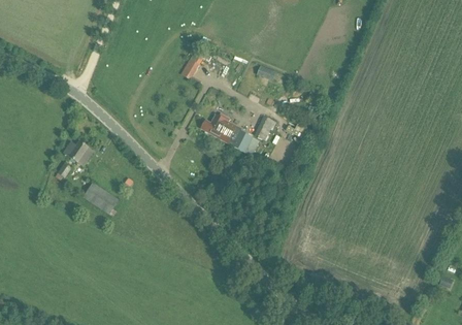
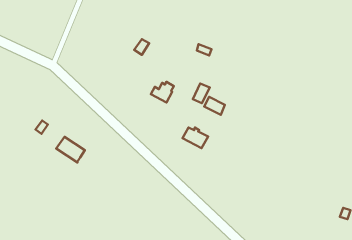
building: [220,125,252,151] -> [183,128,208,148]
building: [63,140,93,165] -> none

